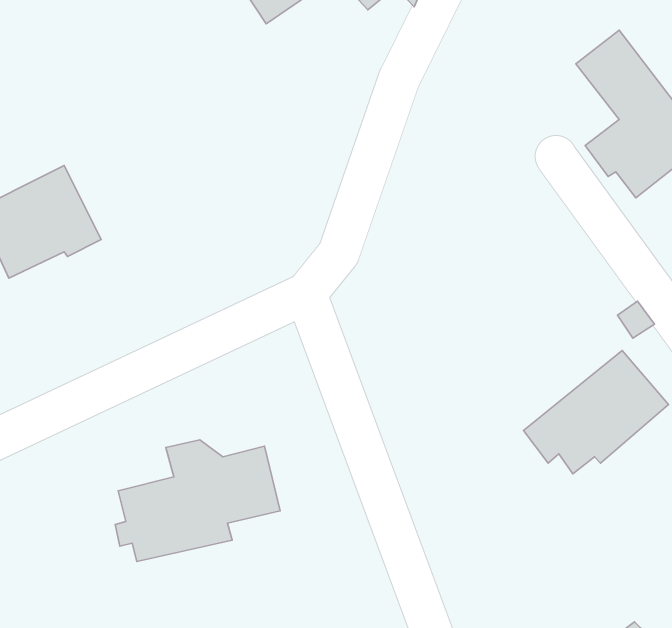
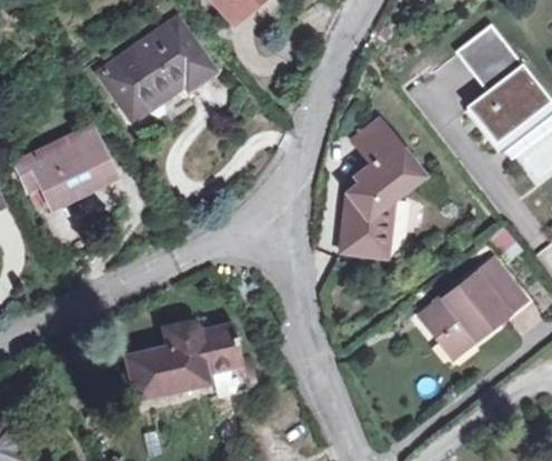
building: none -> [103,22,212,114]
building: none -> [339,120,419,255]

